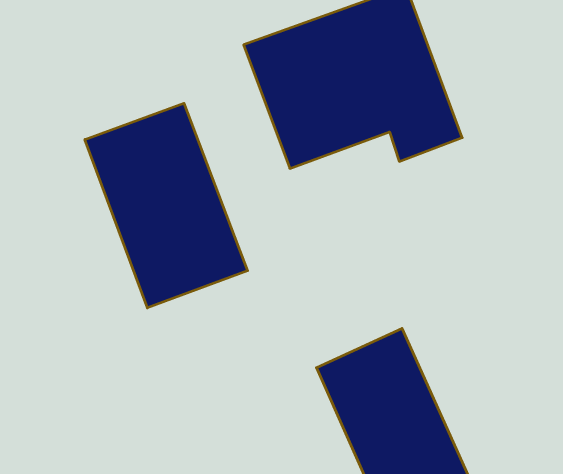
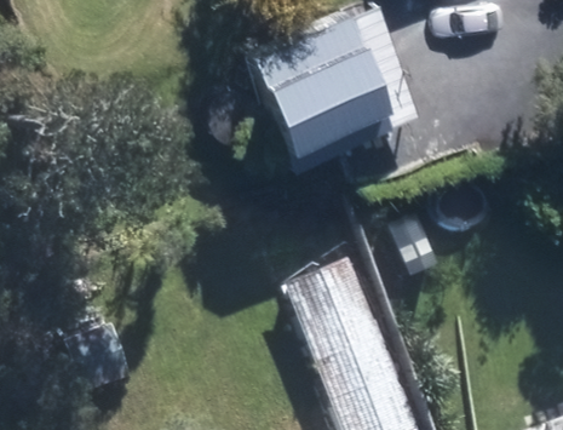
building: [85,103,248,308] -> none

